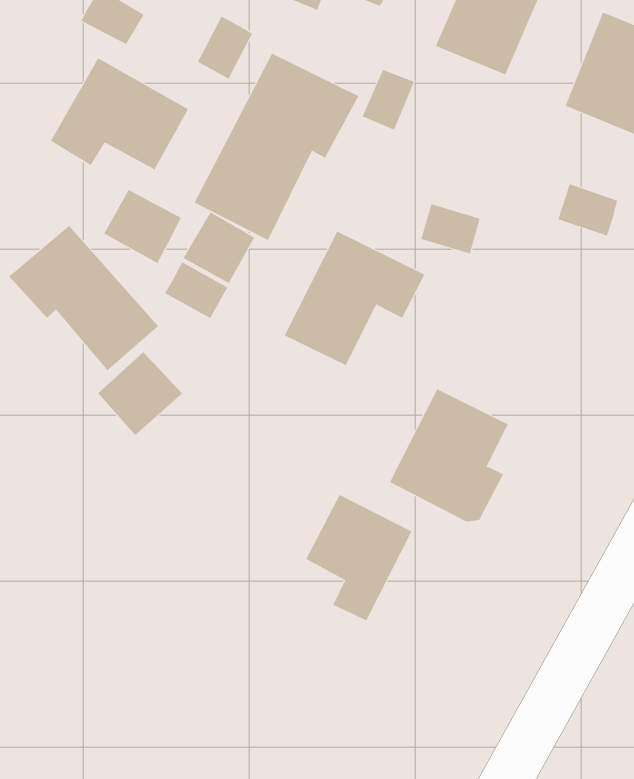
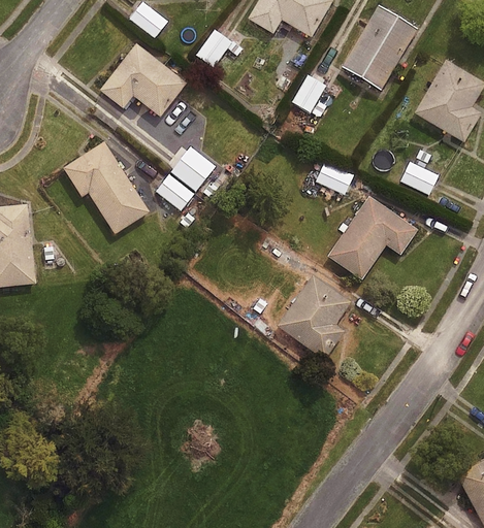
building: [194,53,359,241] -> none
building: [104,189,182,264] -> none
building: [284,231,425,366] -> [328,197,419,279]
building: [97,351,183,436] -> none
building: [306,494,412,621] -> none

